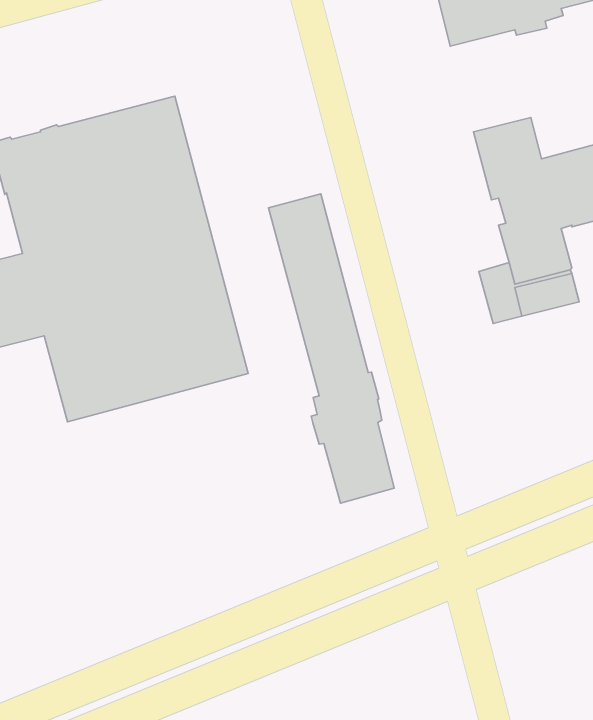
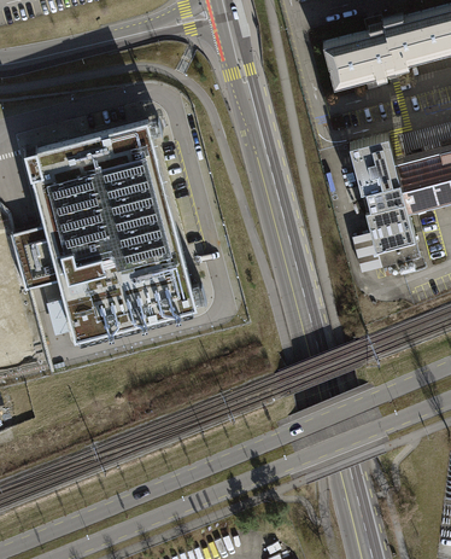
building: [268,194,394,503] -> none

